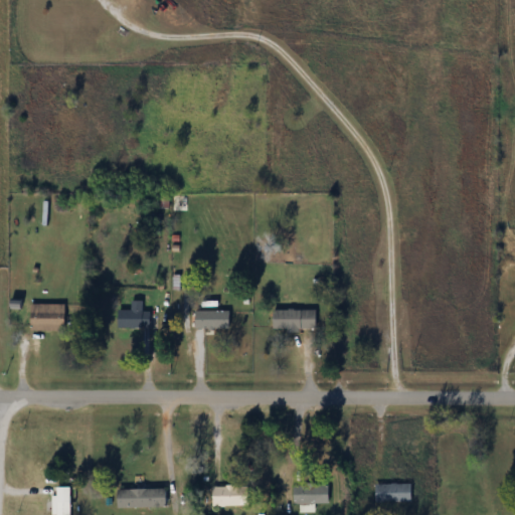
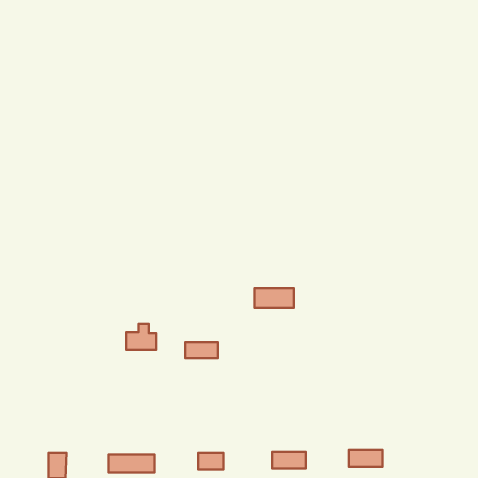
building: [118,301,150,329] -> [126,324,156,350]
building: [30,304,65,331] -> none
building: [194,312,229,329] -> [185,342,218,358]

